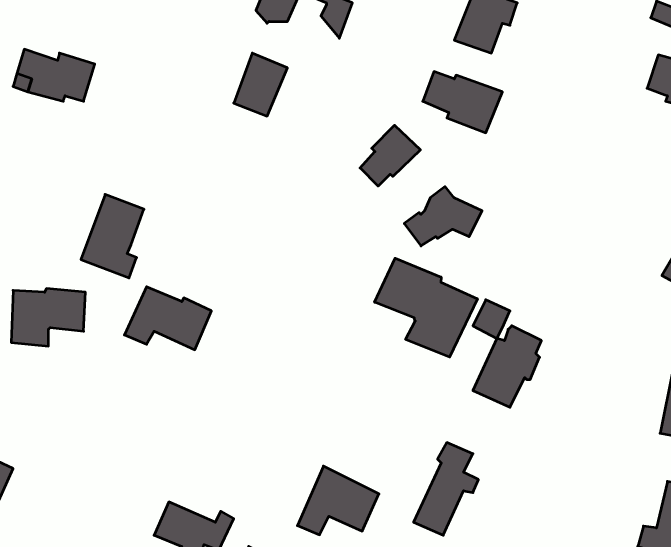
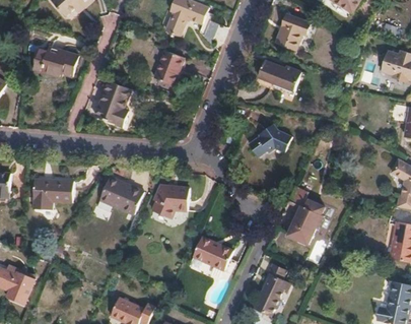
building: [360,125,420,186] -> none
building: [81,194,144,278] -> [95,82,130,128]
building: [375,258,477,357] -> none
building: none -> [151,185,187,218]
building: [297,466,379,535] -> [187,235,231,272]

